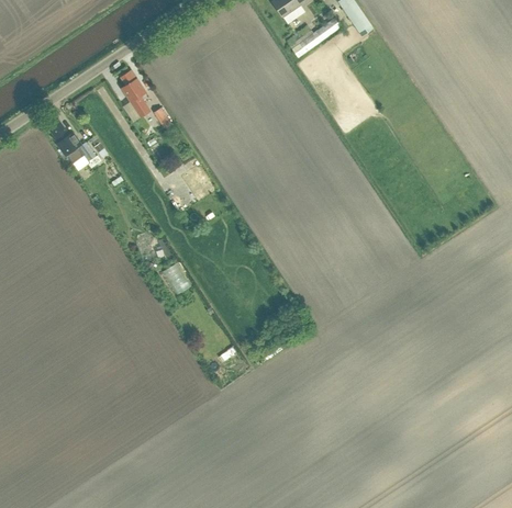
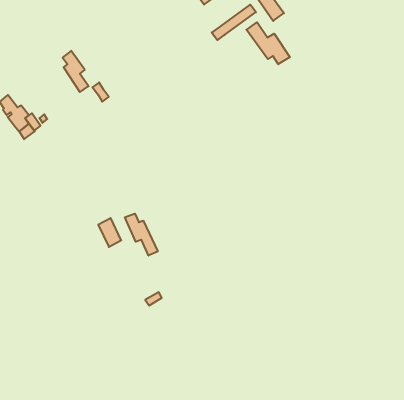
building: none -> [246,22,290,64]
building: none -> [125,214,158,256]

